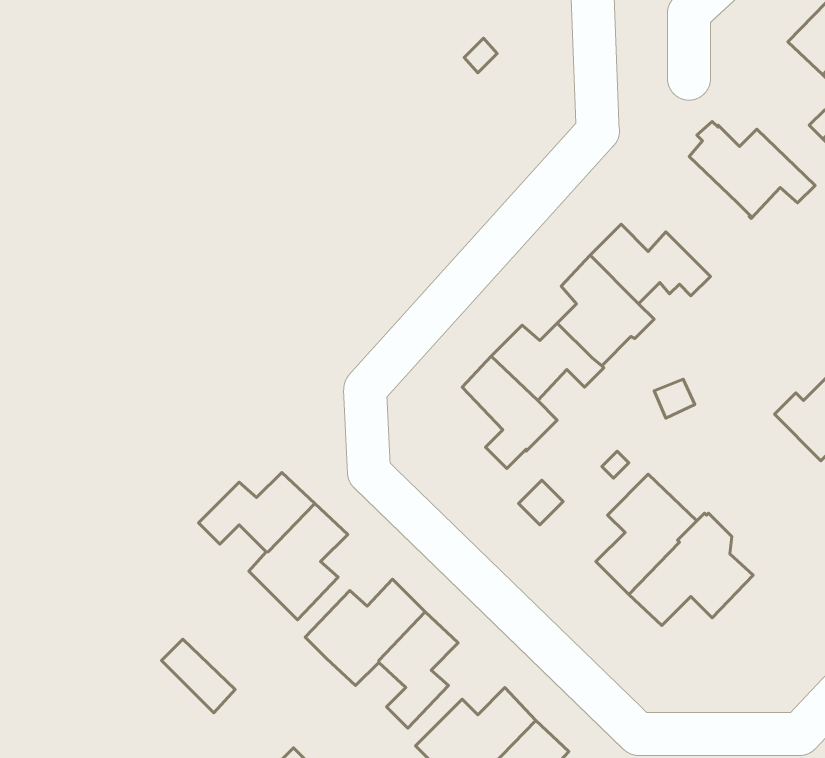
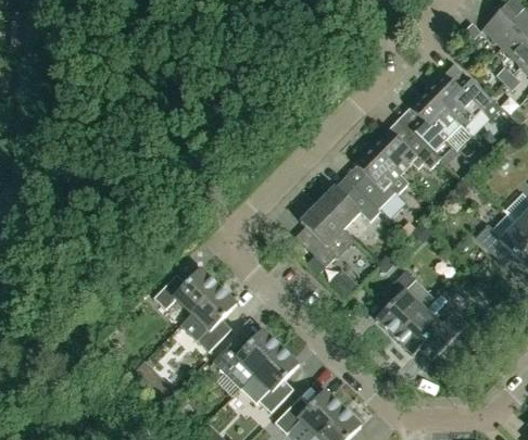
building: none -> [408,92,463,160]

